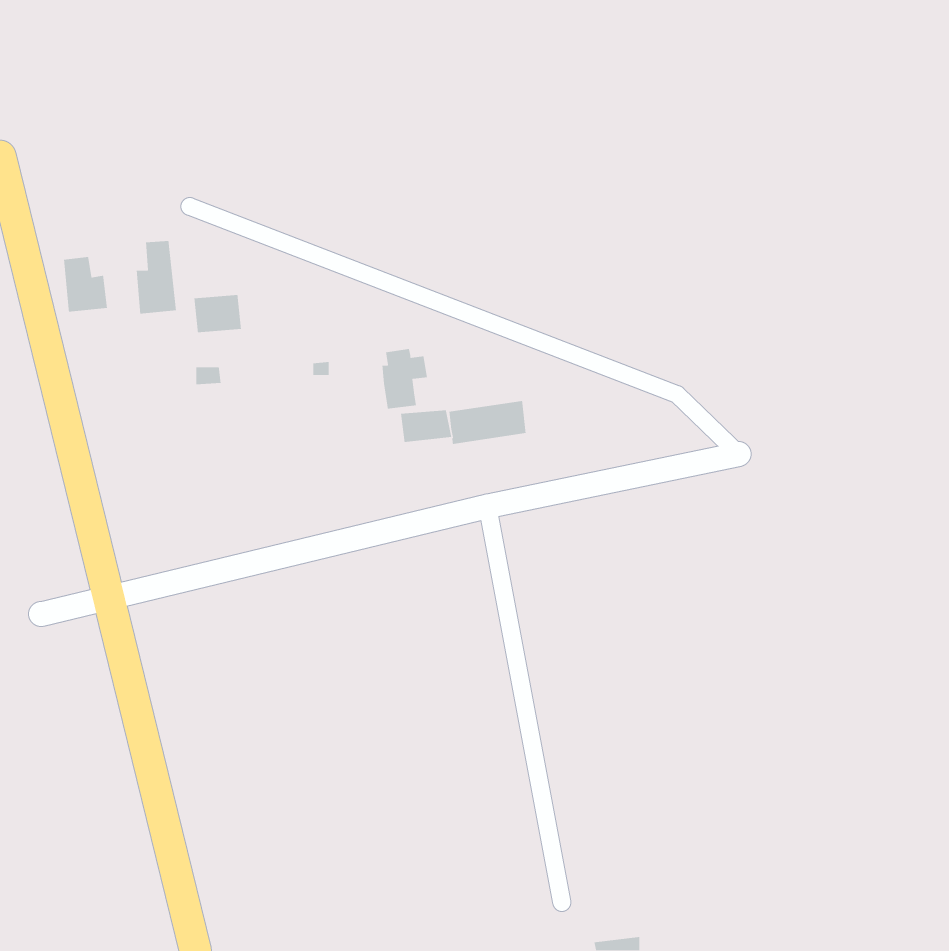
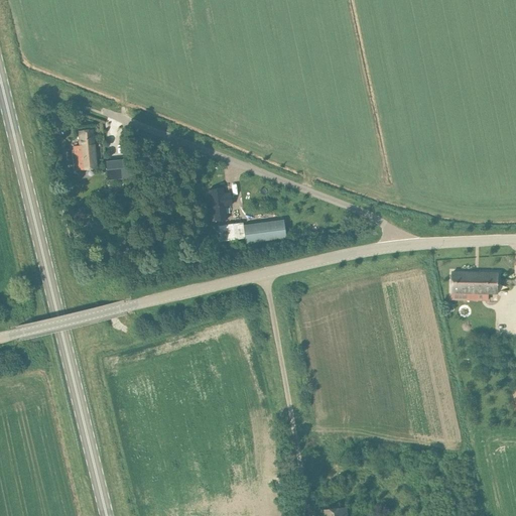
building: [63,256,108,312] -> none
building: none -> [453,272,500,299]

